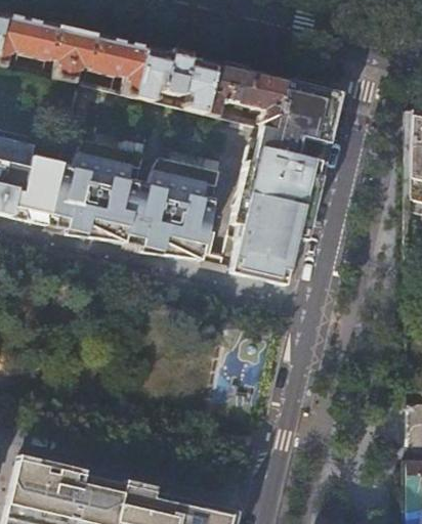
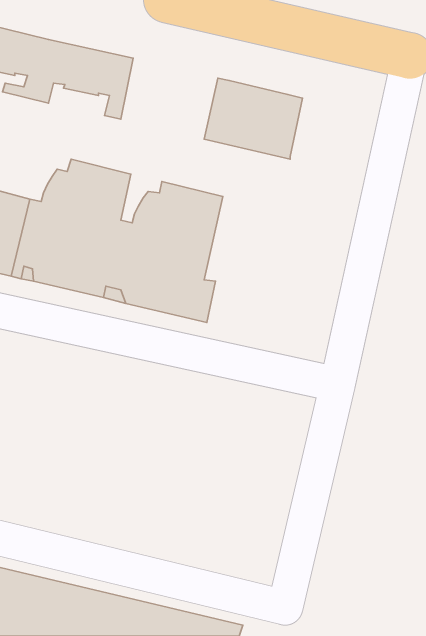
building: [137,48,217,115] -> none
building: [277,81,337,140] -> none
building: [221,142,321,285] -> none

